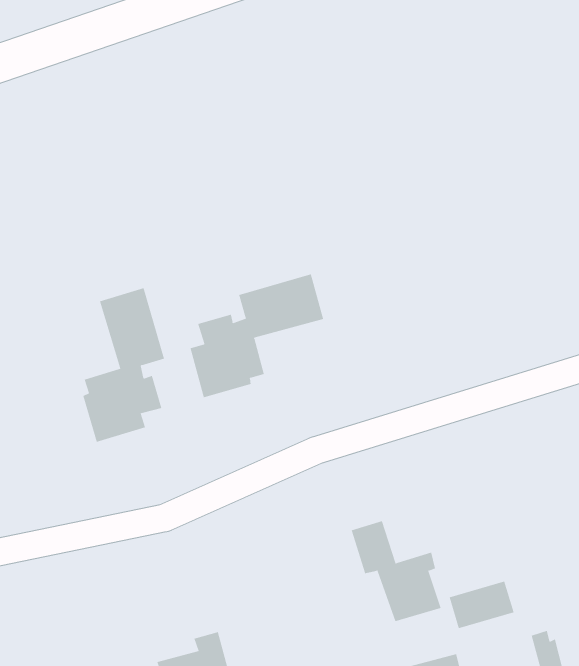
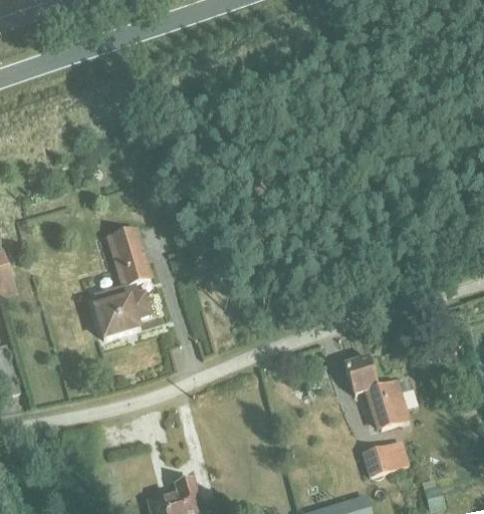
building: [190,274,324,398] -> none
building: [351,520,441,622] -> [342,355,409,430]

